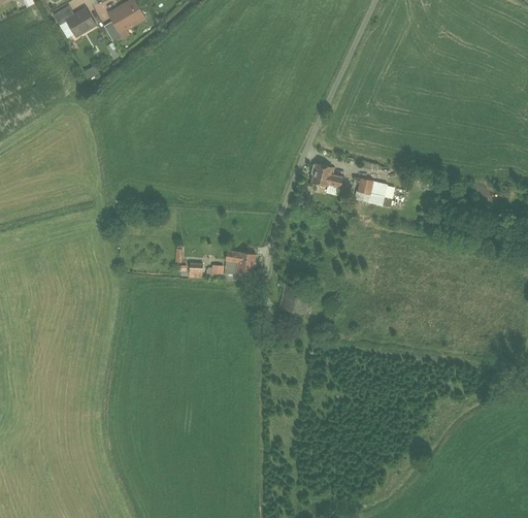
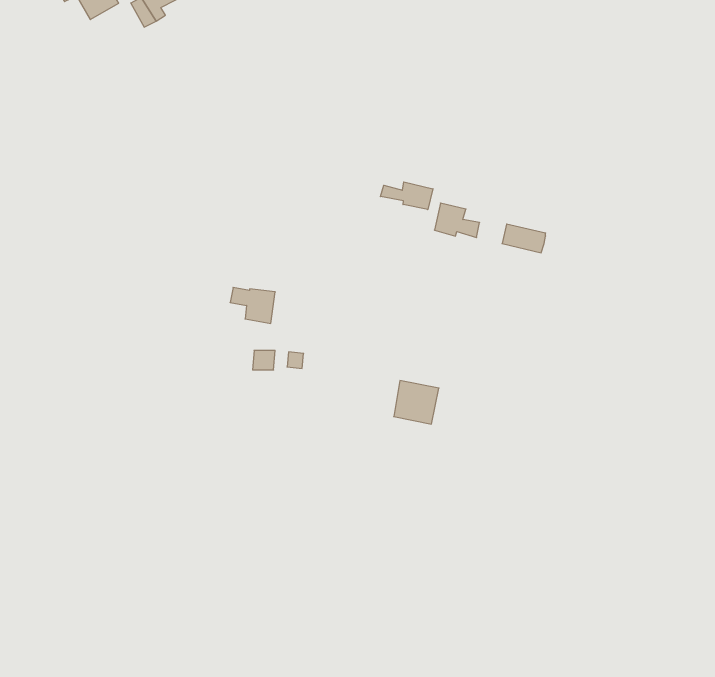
building: none -> [380,182,433,210]
building: [224,251,255,276] -> [230,287,275,323]

